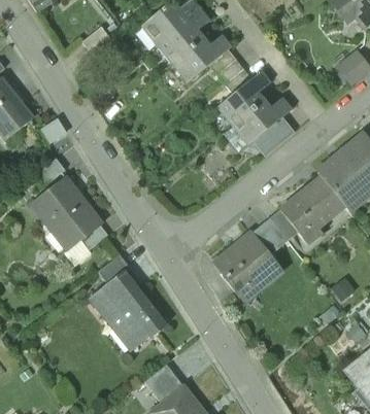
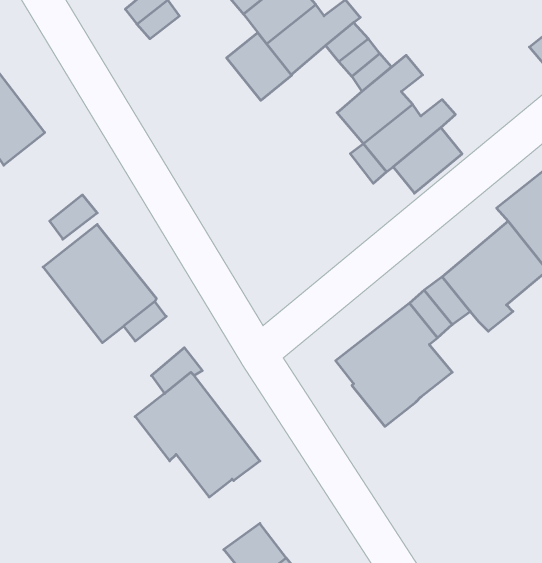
building: none -> [227,33,292,100]

